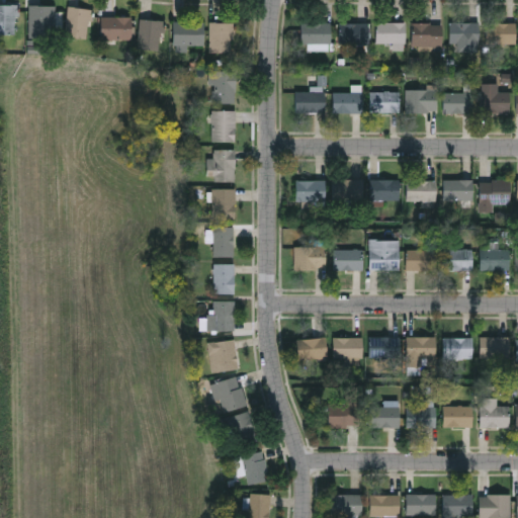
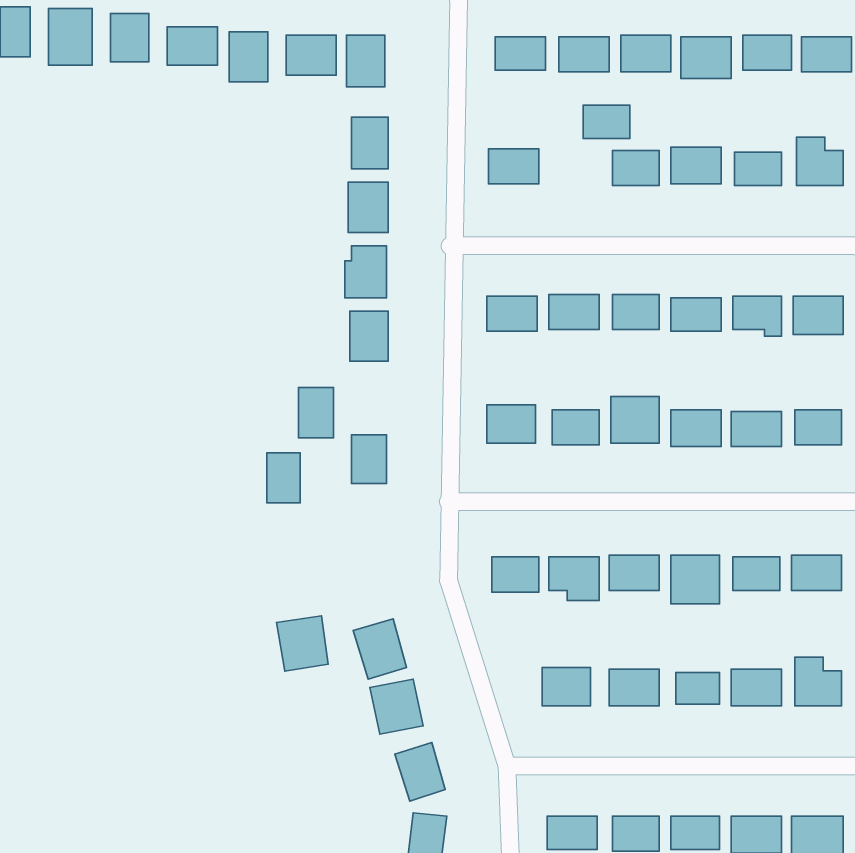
building: [334,93,362,113] -> [583,105,630,139]
building: [212,227,234,257] -> [298,388,334,438]
building: [213,300,234,331] -> [267,453,300,503]
building: [206,339,238,372] -> [276,616,328,671]

